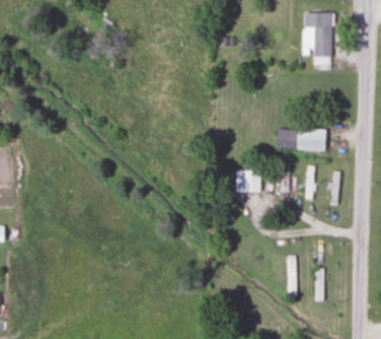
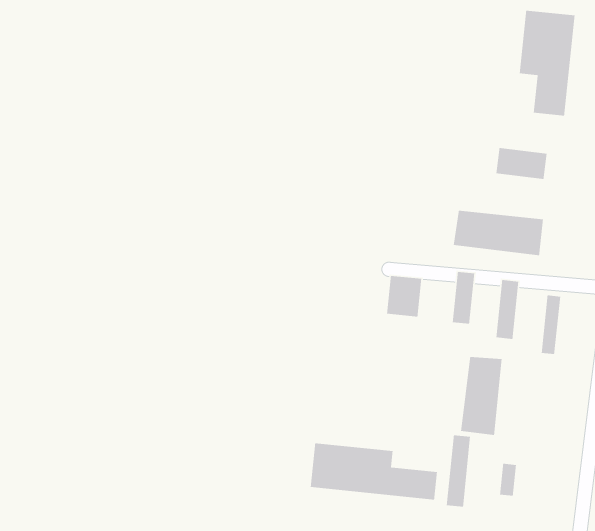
building: none -> [495,147,547,180]
building: none -> [460,356,503,436]
building: none -> [310,443,438,500]

